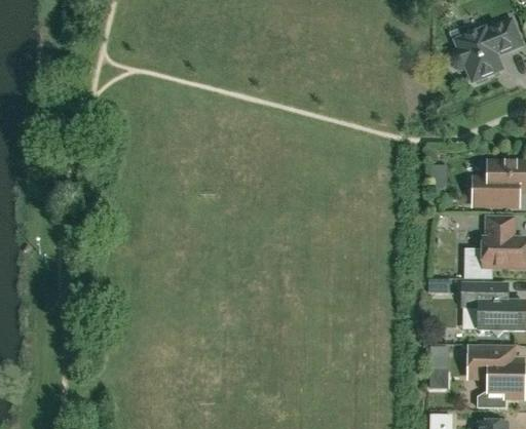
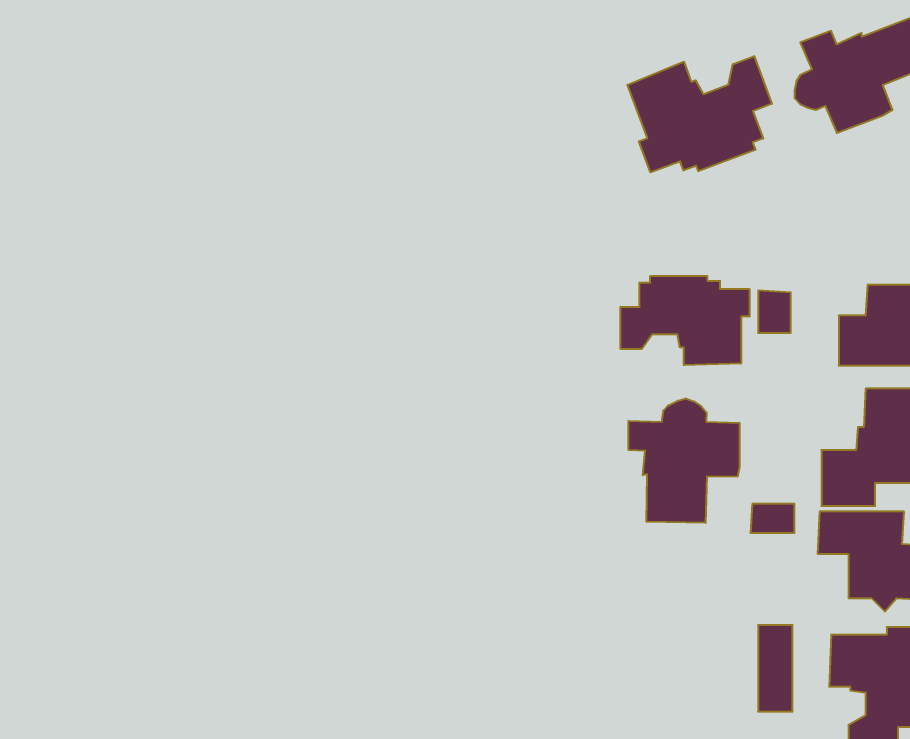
building: none -> [627,56,772,172]
building: none -> [621,276,749,365]
building: none -> [629,398,740,523]

